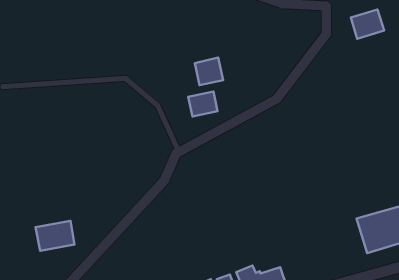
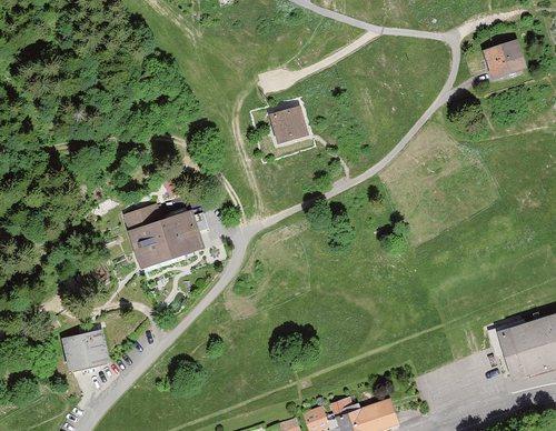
building: [188,91,218,117] -> none
building: none -> [127,208,209,272]

